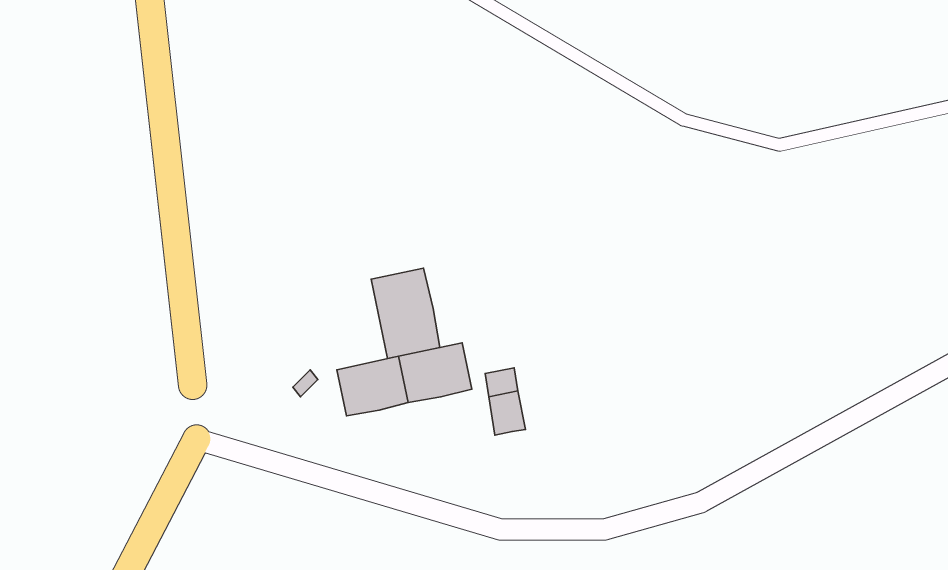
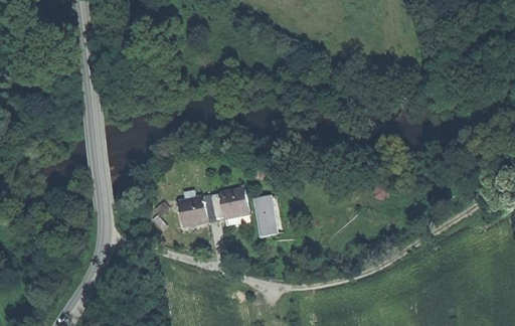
building: [371,268,440,358] -> none

